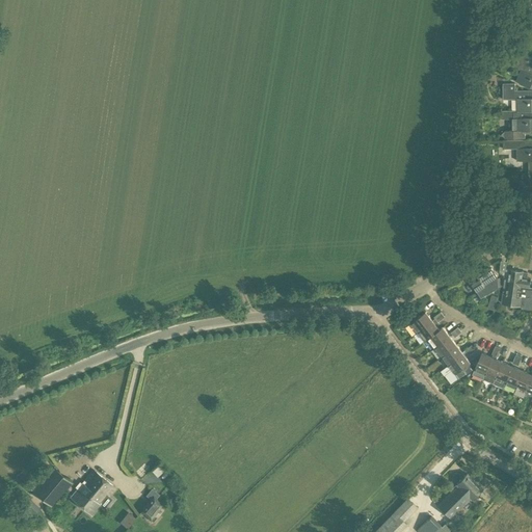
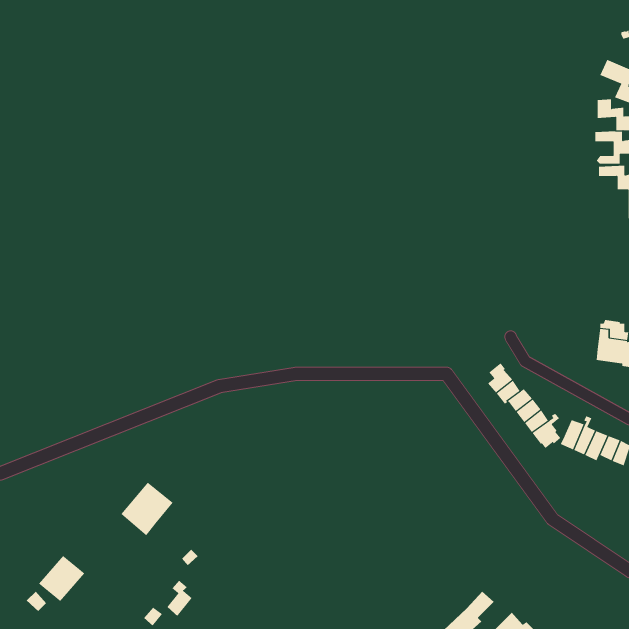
building: [474,269,501,297] -> none
building: [71,471,115,516] -> [121,482,174,536]
building: [436,474,482,520] -> none

